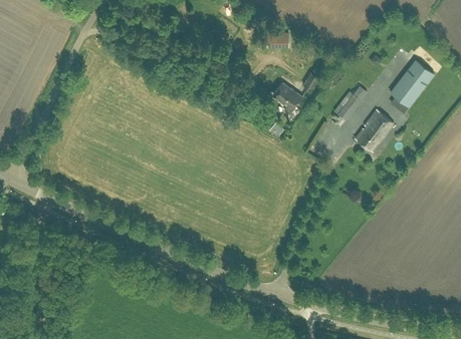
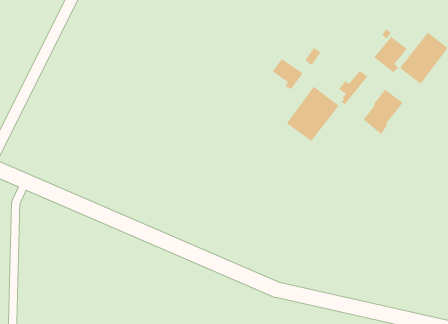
building: none -> [373,36,407,73]
building: none -> [286,86,339,142]

